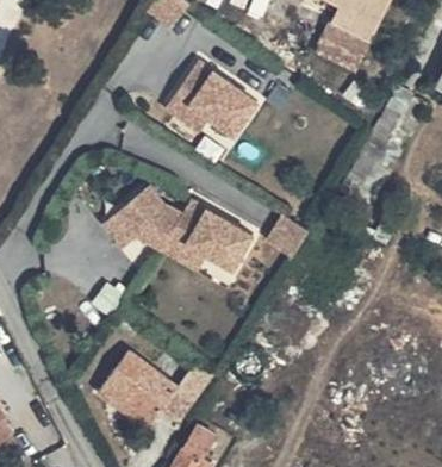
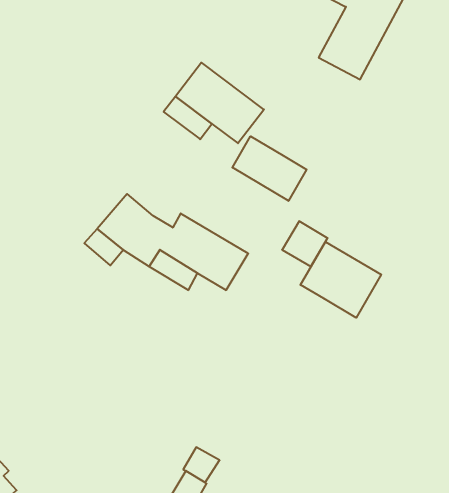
building: none -> [232,136,307,201]
building: none -> [300,242,381,318]
building: [101,341,197,424] -> none

